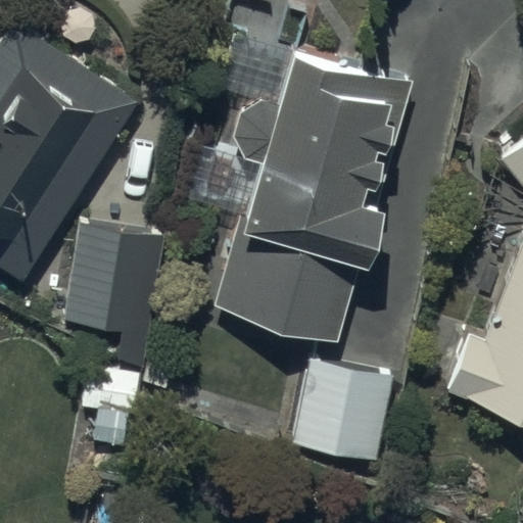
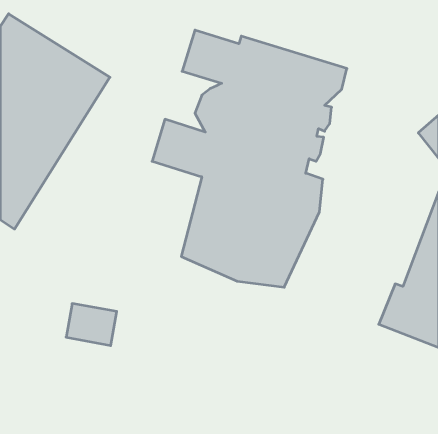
building: [63,227,160,363] -> none
building: [291,348,392,448] -> none

